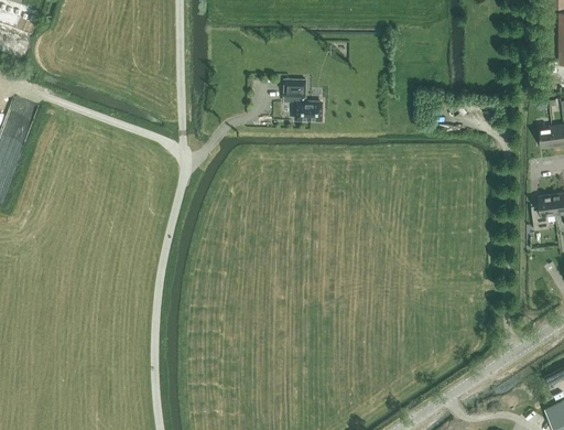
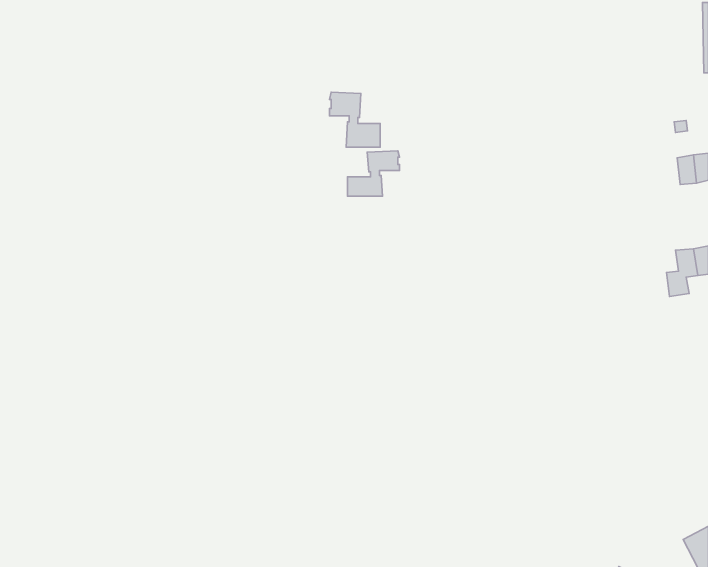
building: none -> [347,151,399,196]

